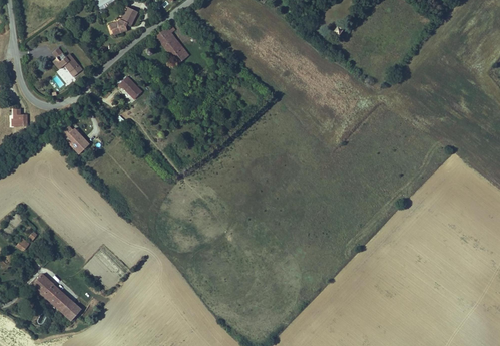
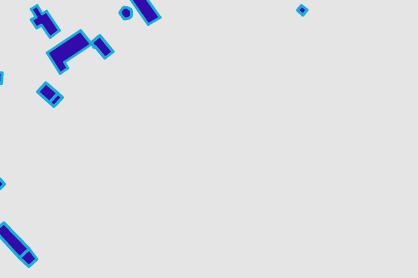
building: none -> [47,31,91,73]

